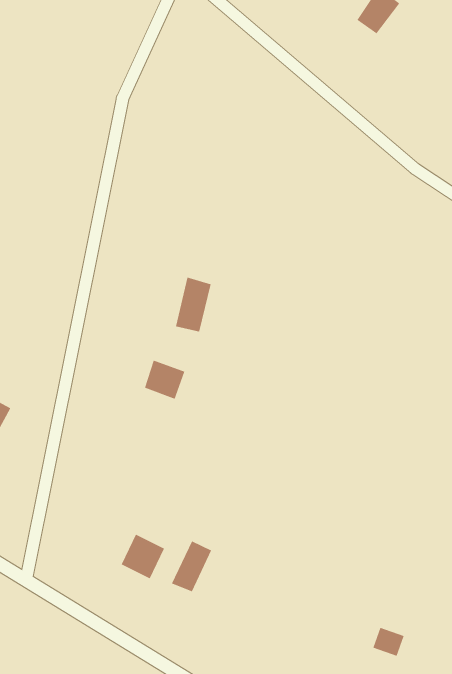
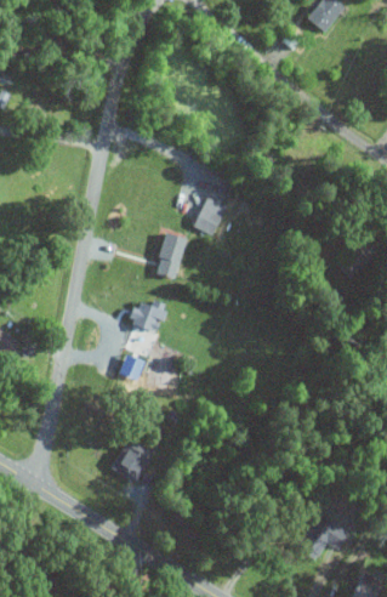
building: none -> [190,197,224,234]
building: [171,541,212,592] -> none

